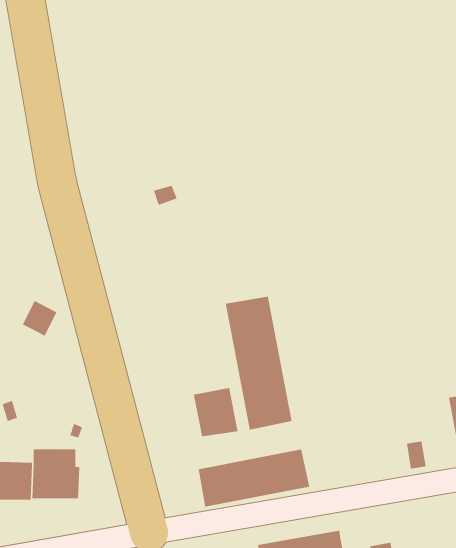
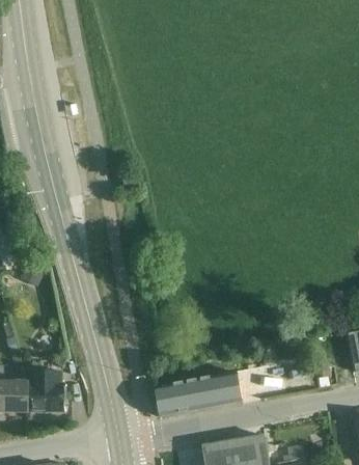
building: [225,296,292,430] -> none
building: [193,387,238,437] -> none

